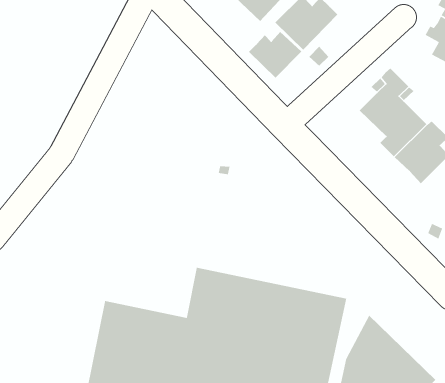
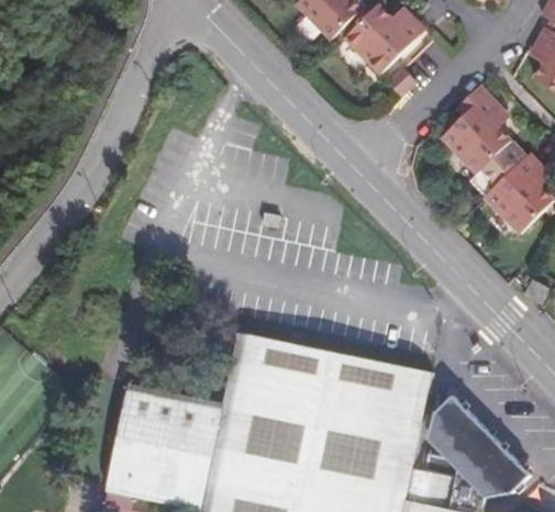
building: [248,31,302,79] -> none

